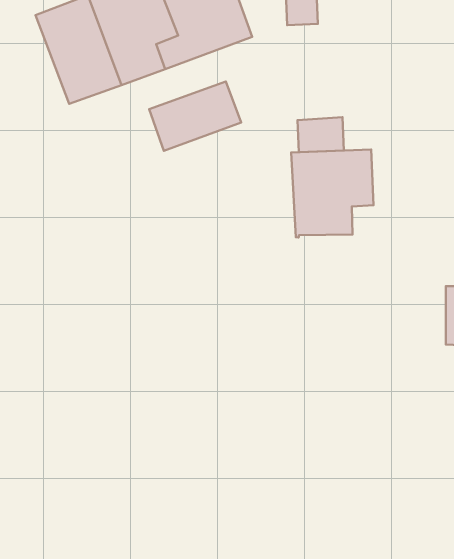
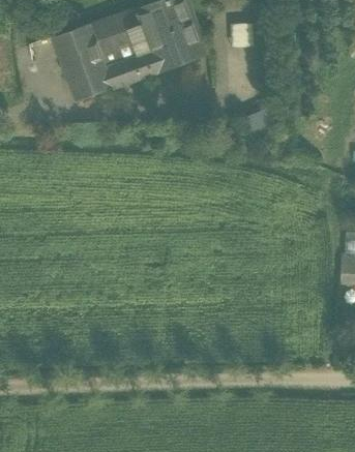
building: [149,82,241,151] -> none
building: [291,150,374,237] -> none

